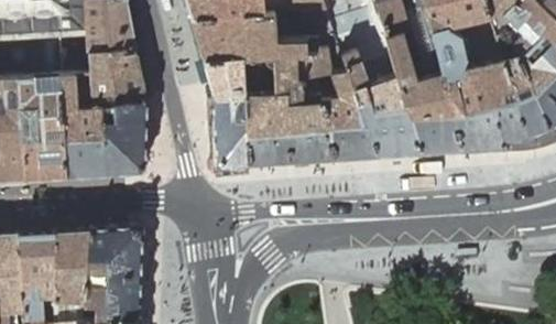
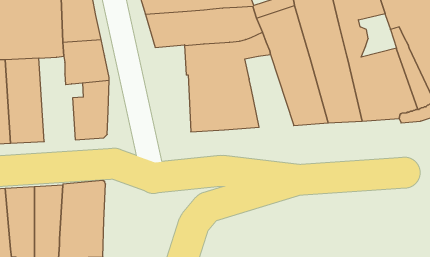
building: [204,58,248,169] -> none
building: [315,71,375,161] -> none
building: [59,74,105,179] -> none

